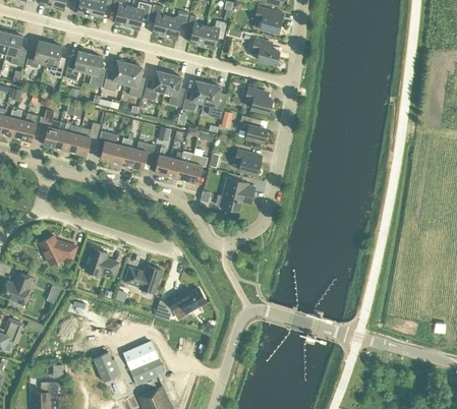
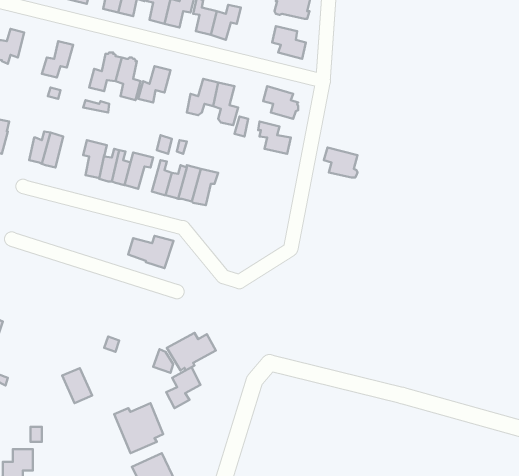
building: [45,43,65,80] -> none
building: [84,53,105,86] -> none
building: [164,73,183,106] -> none
building: [42,109,60,147] -> none
building: [75,122,100,155] -> none
building: [234,150,262,174] -> [324,148,358,178]
building: [219,177,254,211] -> none
building: [39,235,76,265] -> none
building: [84,247,118,275] -> none
building: [125,266,162,292] -> [128,236,173,268]
building: none -> [166,367,200,408]
building: [94,352,118,381] -> [62,368,92,403]

